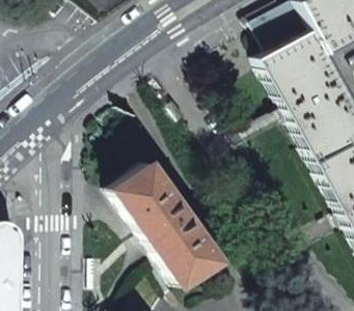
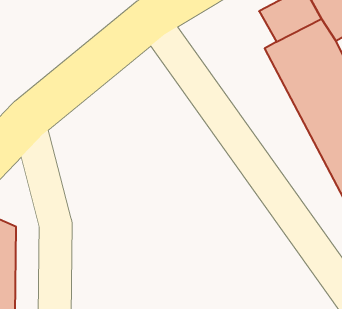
building: [113,161,219,285] -> none

